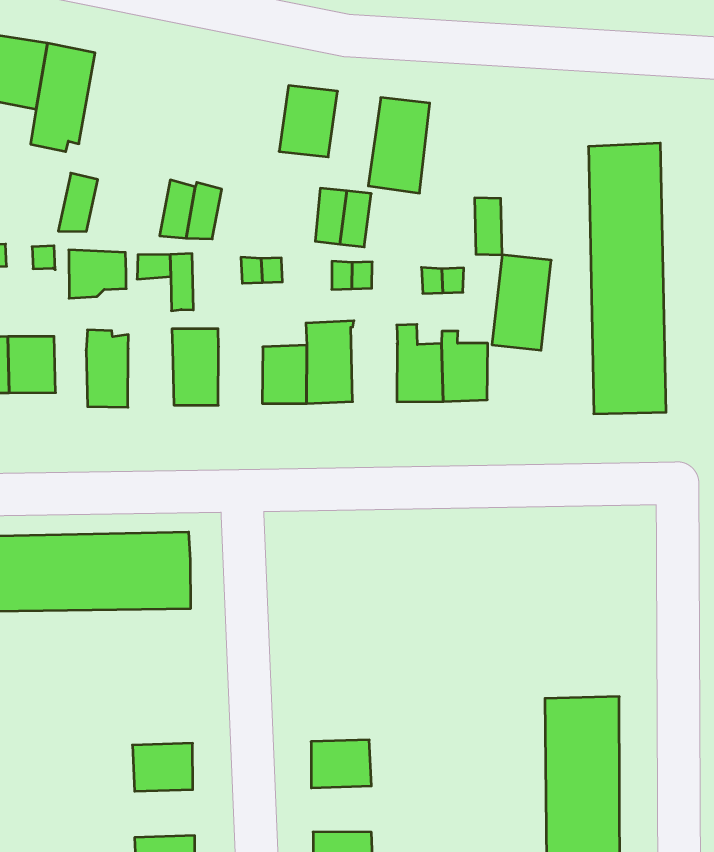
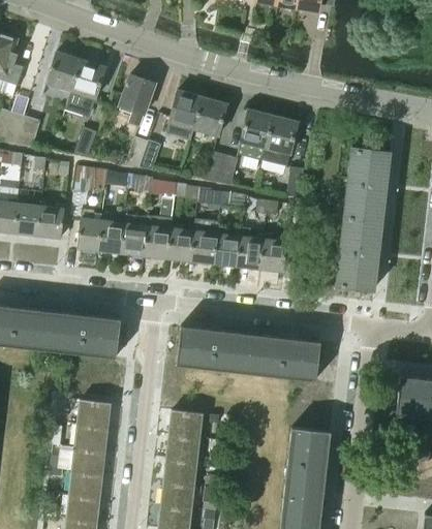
building: none -> [120,75,156,127]
building: none -> [166,90,203,141]
building: [492,255,551,350] -> [263,116,299,167]
building: none -> [145,216,173,258]
building: none -> [214,225,241,267]
building: none -> [98,214,125,253]
building: none -> [178,325,321,381]
building: none -> [169,410,203,438]
building: none -> [78,401,111,428]
building: none -> [164,459,197,486]
building: none -> [72,448,105,475]

